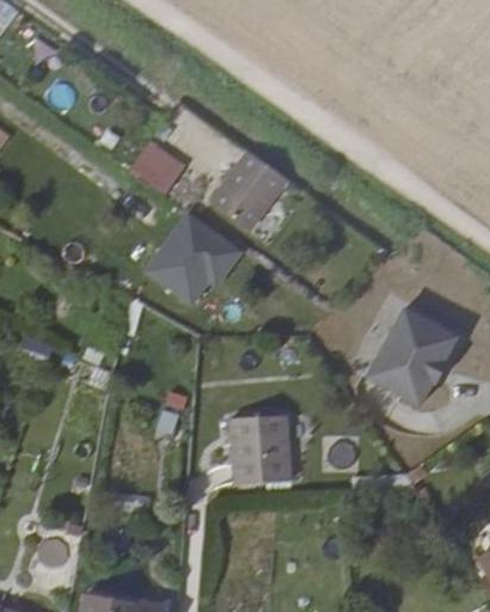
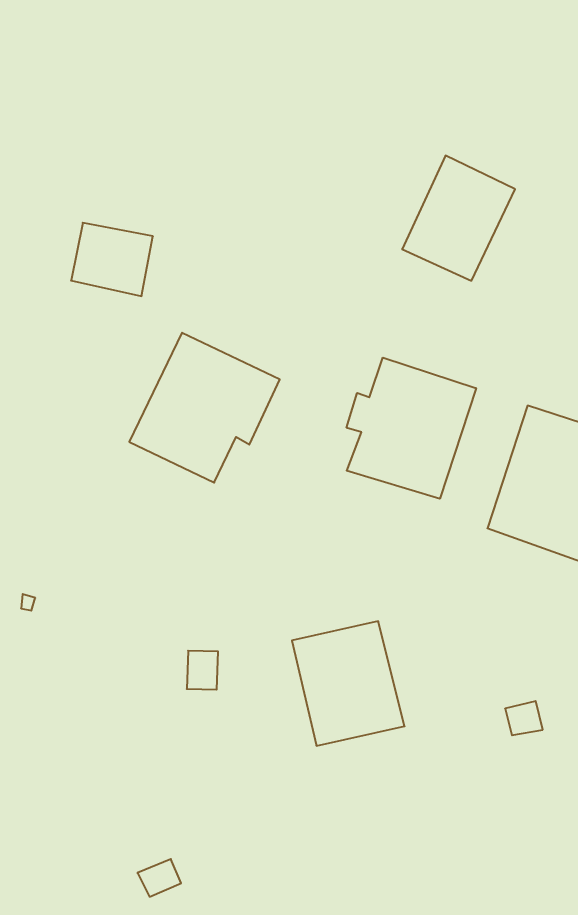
building: [214,153,288,231] -> [402,156,515,281]
building: none -> [347,358,476,499]

